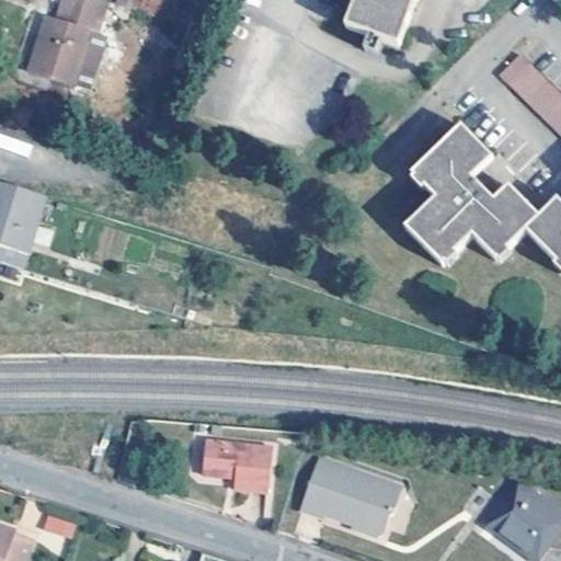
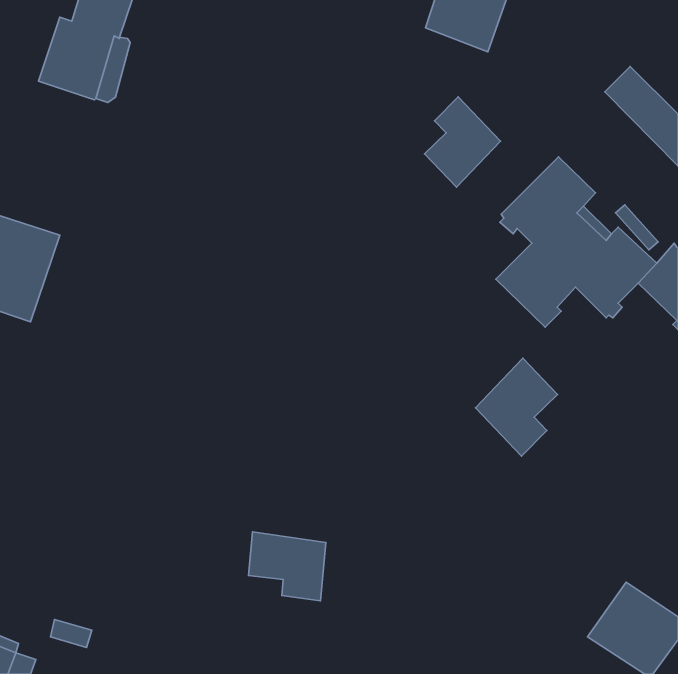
building: none -> [425,97,500,187]
building: none -> [475,358,557,456]
building: [299,455,399,533] -> none

